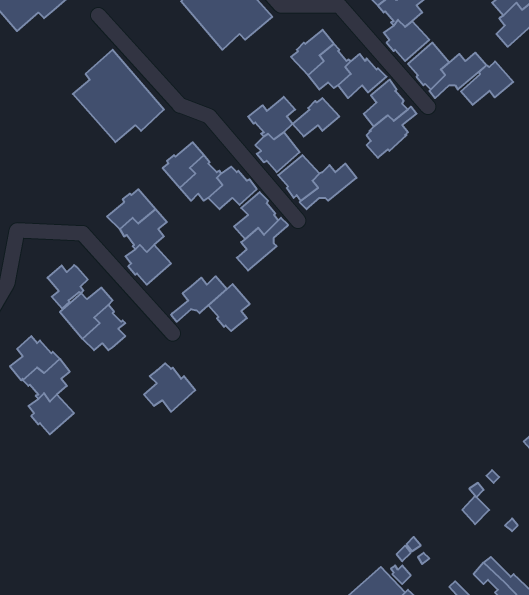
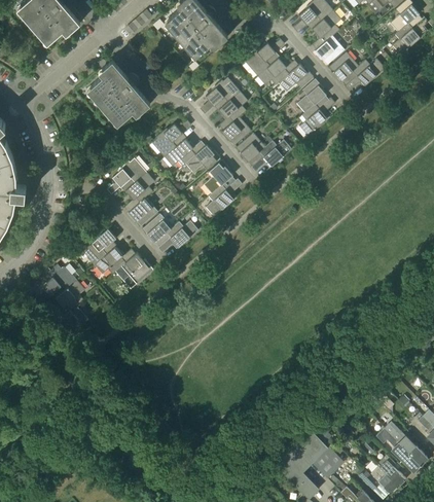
building: [461,61,513,105] -> none
building: [292,98,339,137] -> [206,78,240,106]
building: [47,265,88,309] -> none
building: [208,284,250,331] -> [143,214,173,248]
building: [144,363,195,412] -> [116,250,153,285]

